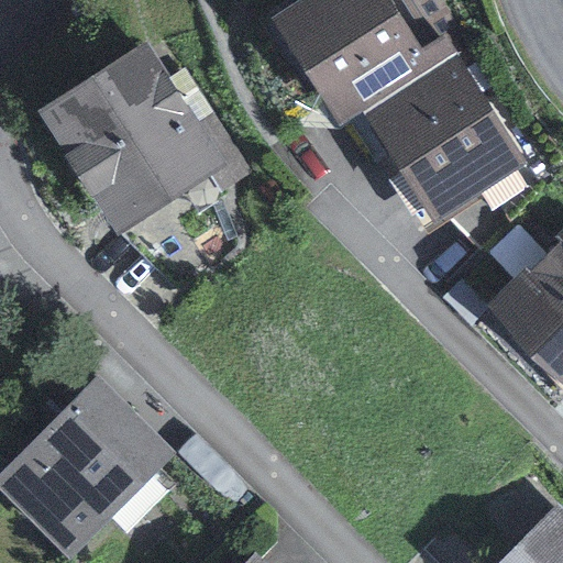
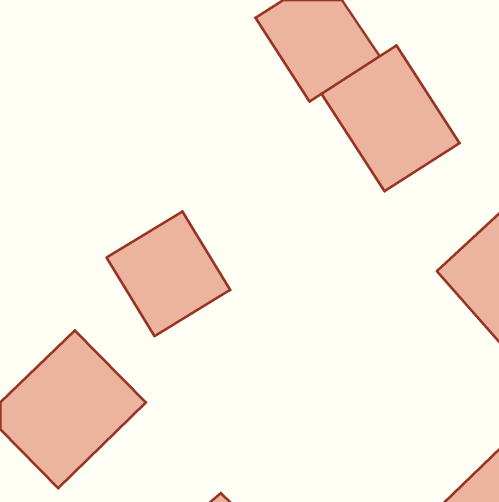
building: [43,45,230,238] -> none
building: none -> [107,211,230,336]

